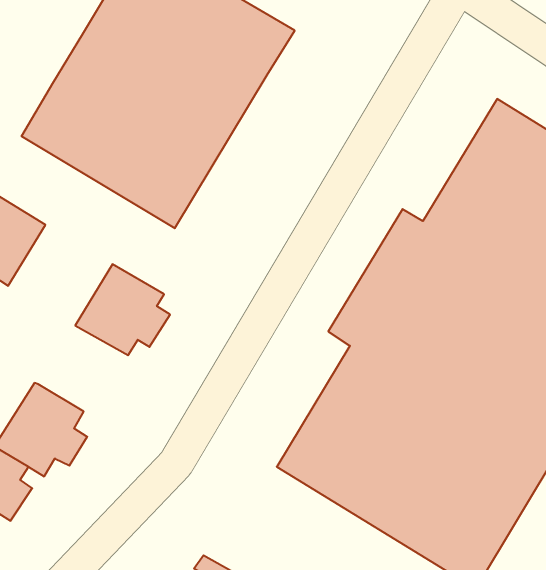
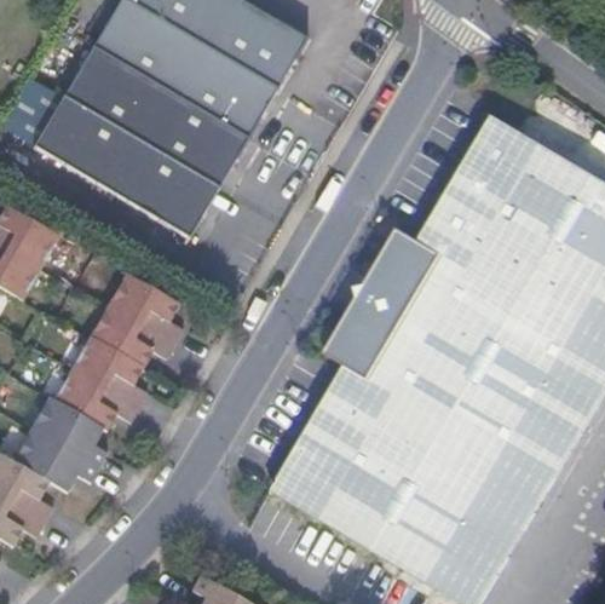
building: none -> [44,341,139,432]

